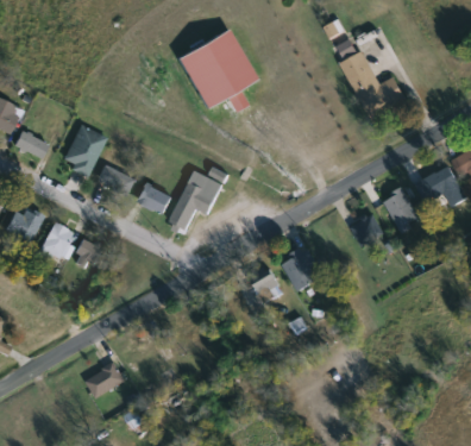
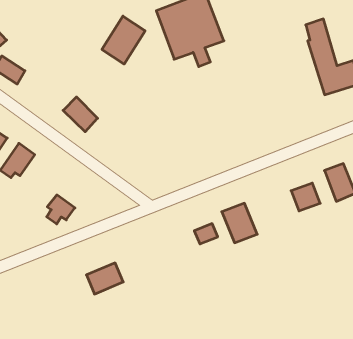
building: [62,125,105,176] -> [102,16,145,64]
building: [172,170,224,231] -> none
building: [136,182,175,215] -> none
building: [71,235,101,266] -> [47,195,75,224]
building: [87,363,127,400] -> [86,263,123,294]

